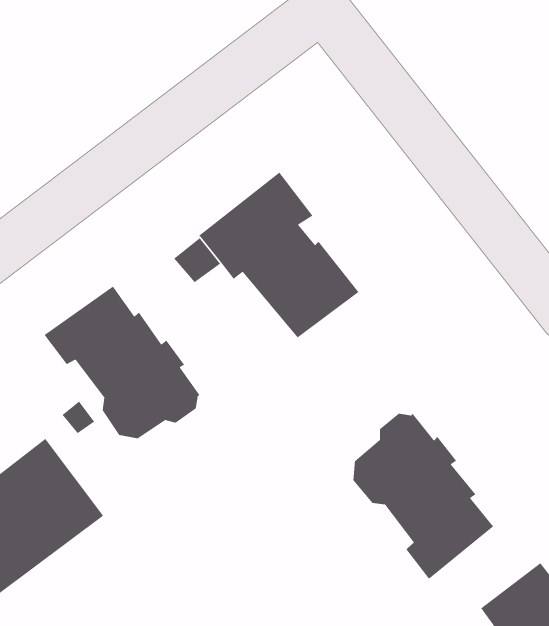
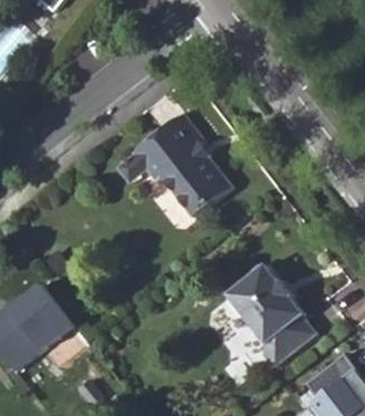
building: [44,286,201,439] -> none

